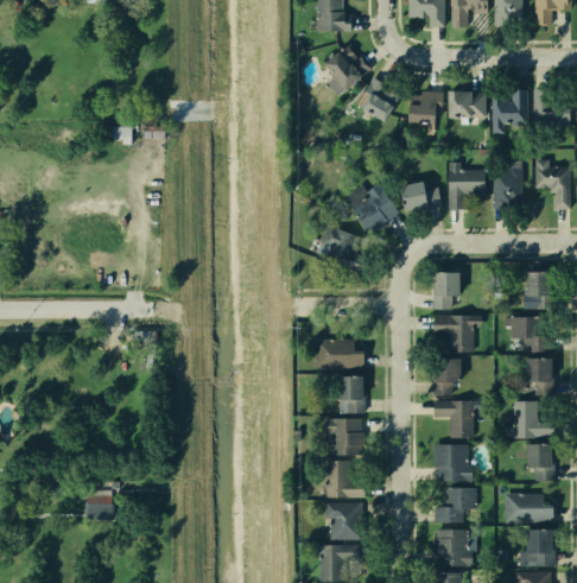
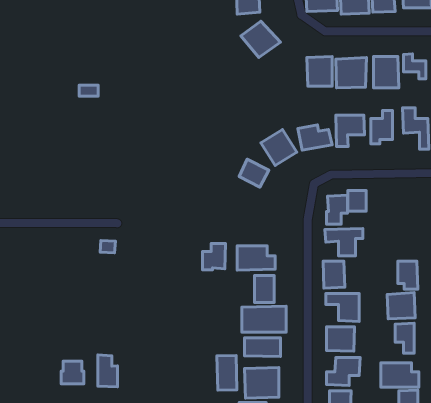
building: [355,80,397,120] -> none
building: [528,272,552,299] -> [348,190,366,211]
building: [509,316,547,353] -> none
building: none -> [202,243,225,270]
building: none -> [98,355,117,387]
building: none -> [217,355,237,390]

